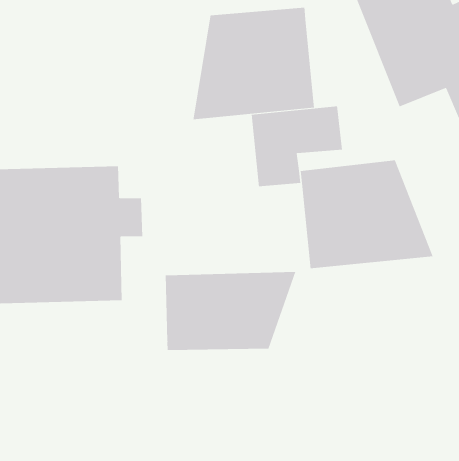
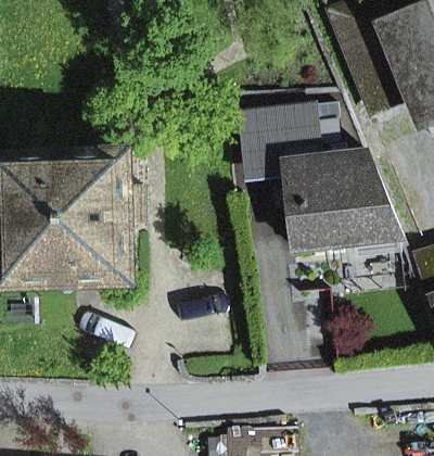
building: [193,7,315,120] -> none
building: [165,271,296,351] -> none

